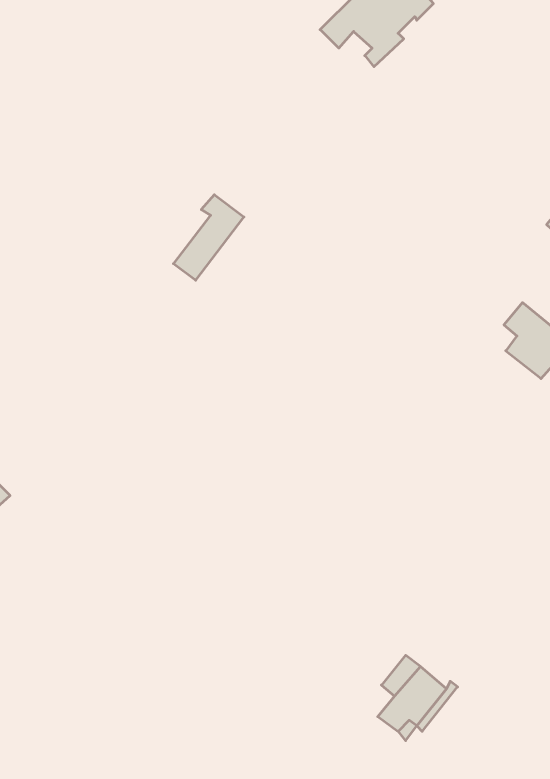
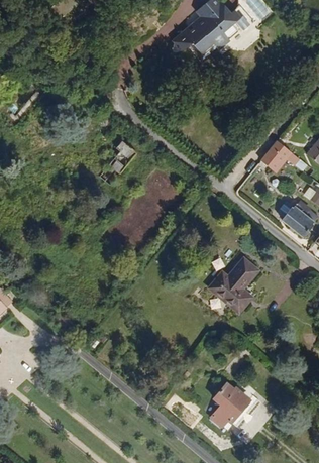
building: none -> [256,145,287,179]
building: none -> [208,263,255,318]

